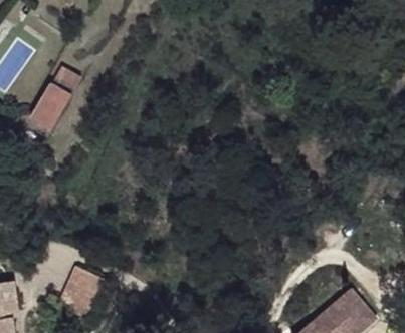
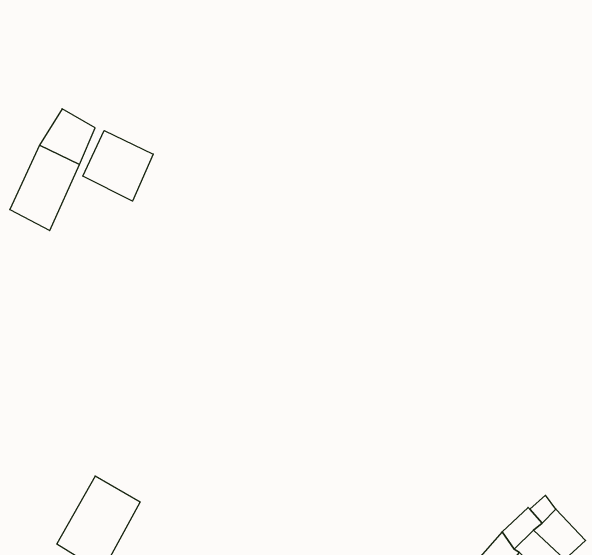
building: none -> [83,131,153,201]

